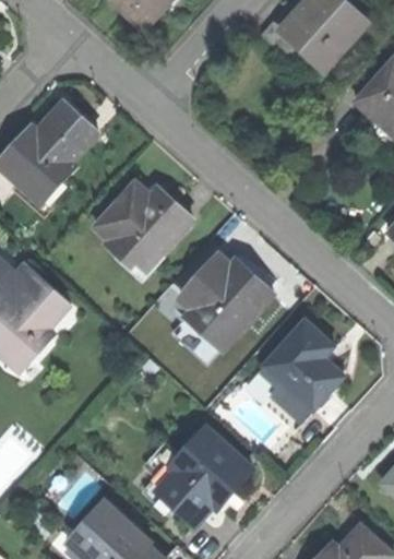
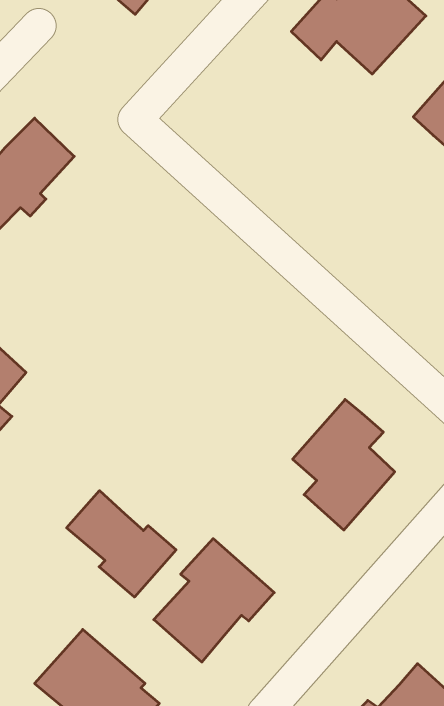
building: [94,182,190,263] -> none
building: [180,254,272,347] -> none
building: none -> [67,491,176,597]

